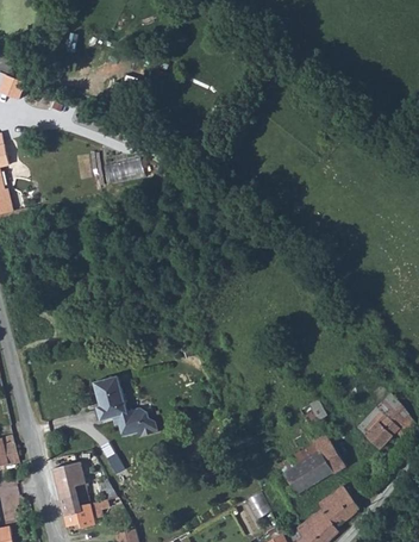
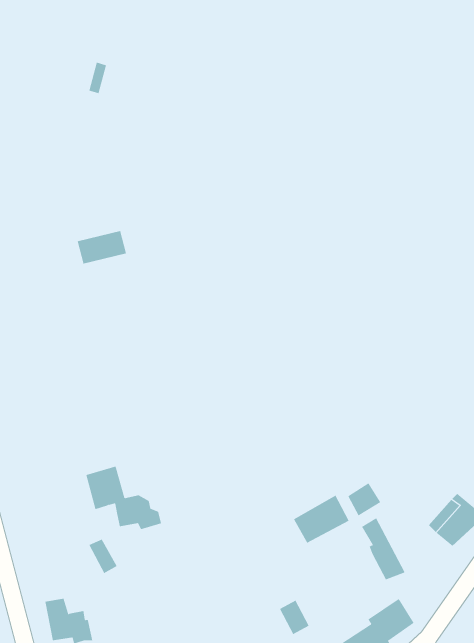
building: [105,157,144,183] -> [77,231,127,264]
building: [58,454,94,501] -> none
building: [286,455,330,493] -> [293,495,349,544]

